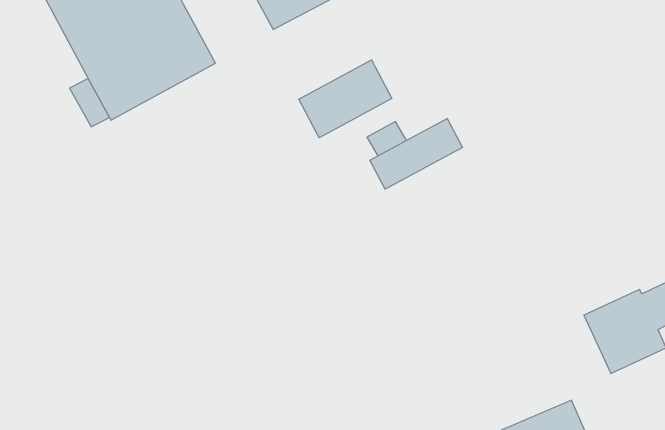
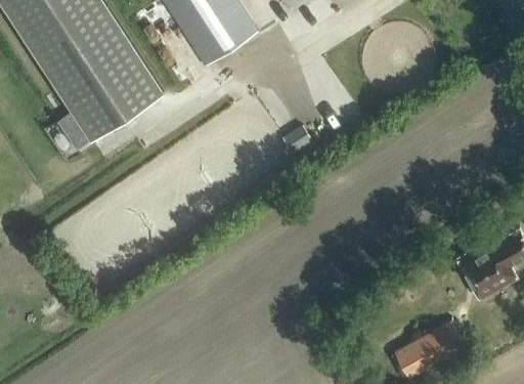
building: [299,60,392,138] -> none
building: [370,118,462,189] -> none

